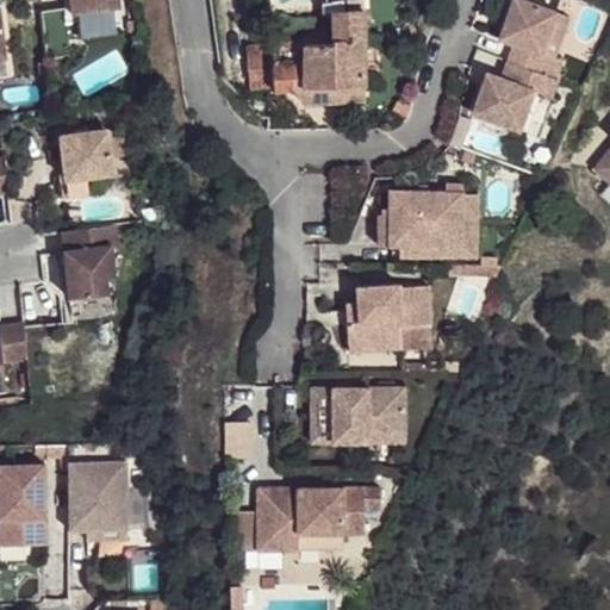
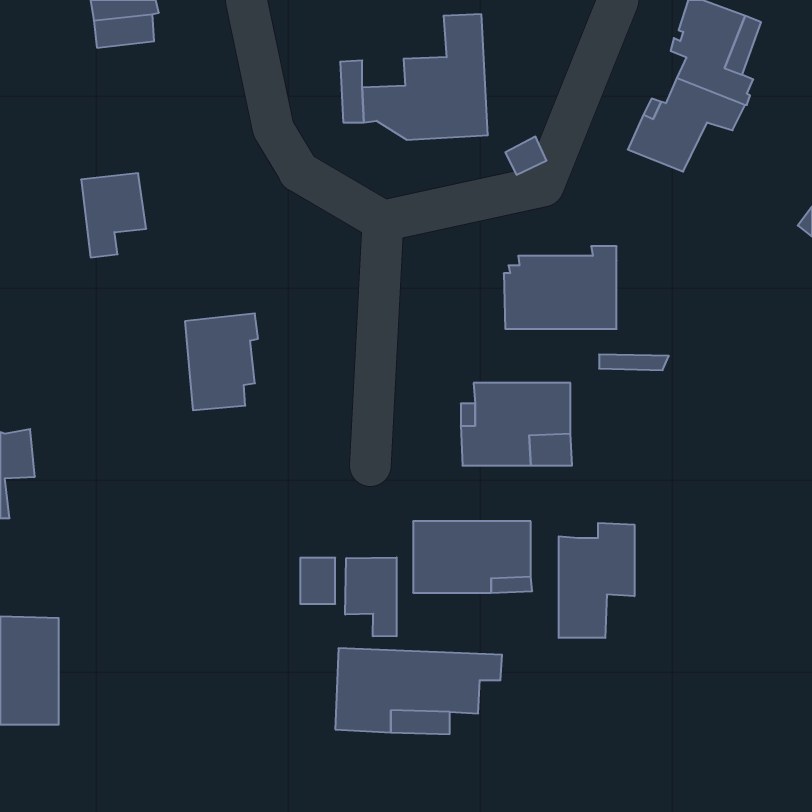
building: [399,195,478,259] -> none
building: [61,224,116,297] -> [185,313,258,410]
building: none -> [559,523,634,638]
building: none -> [345,557,397,636]
building: [68,462,126,530] -> none

